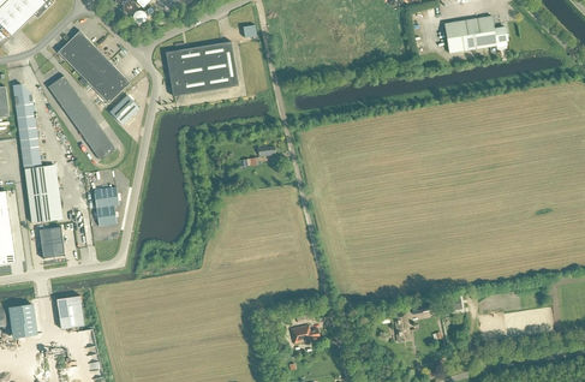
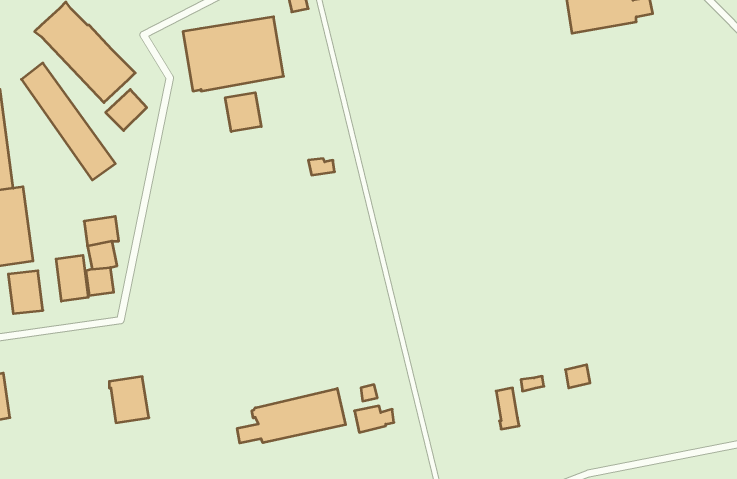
building: none -> [225,93,261,132]
building: none -> [56,255,88,301]
building: [55,294,84,328] -> [109,377,149,423]
building: none -> [237,388,346,443]

